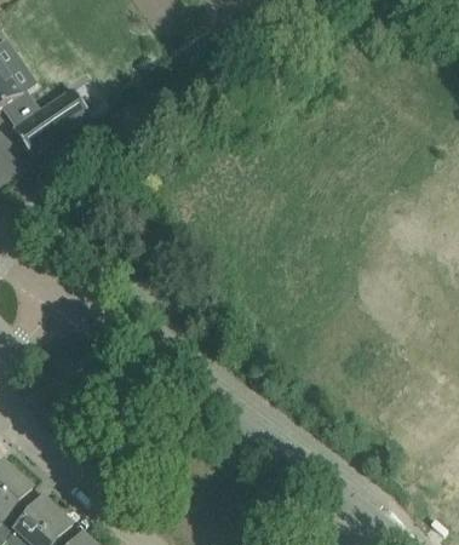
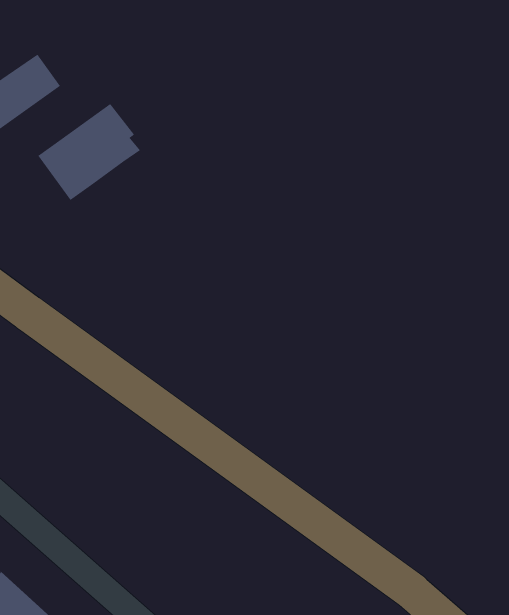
building: none -> [38,103,141,201]

